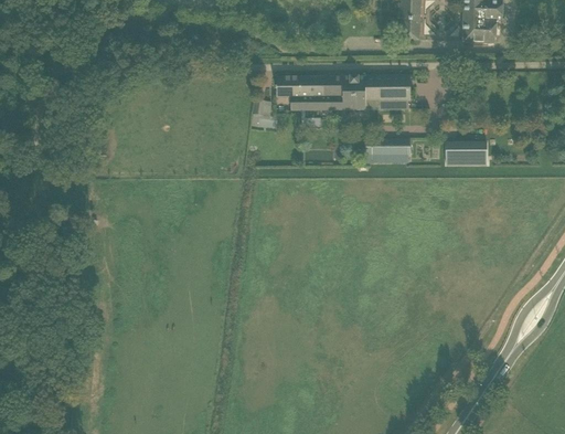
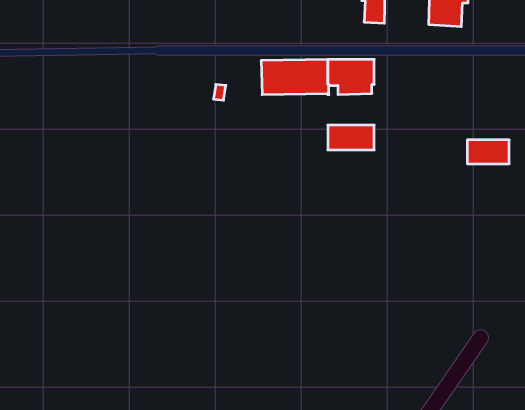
building: [276,77,301,110] -> none
building: [446,142,487,166] -> [467,140,509,164]

